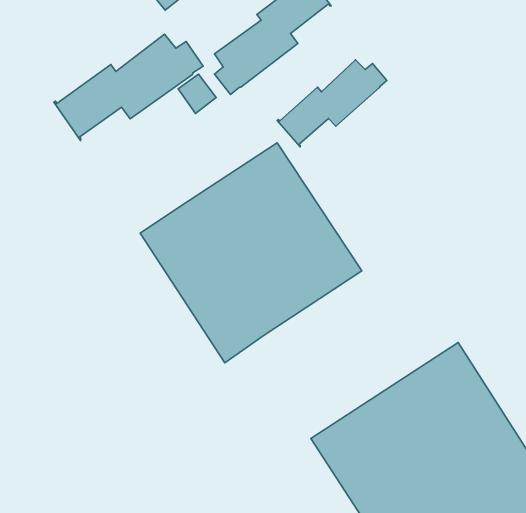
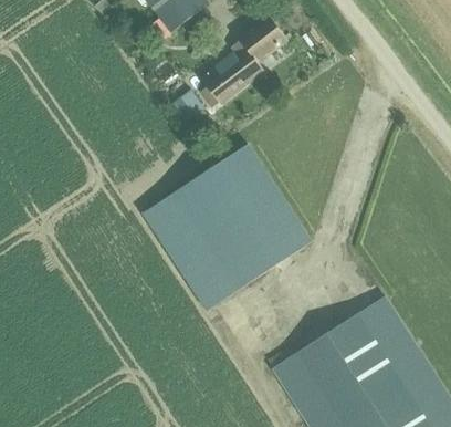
building: [54,34,203,141] -> none
building: [277,60,387,147] -> none

